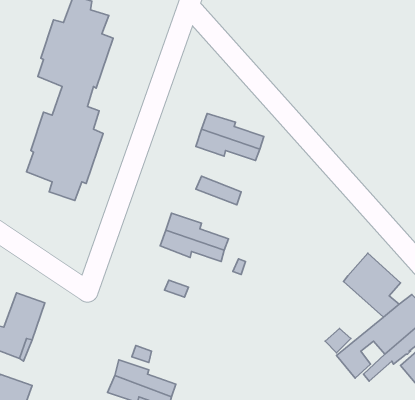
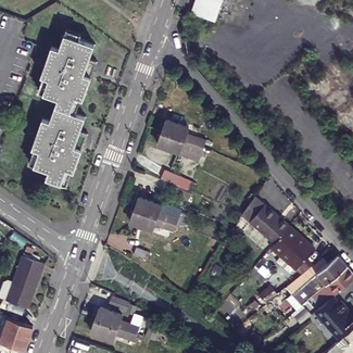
building: none -> [242,198,289,244]

